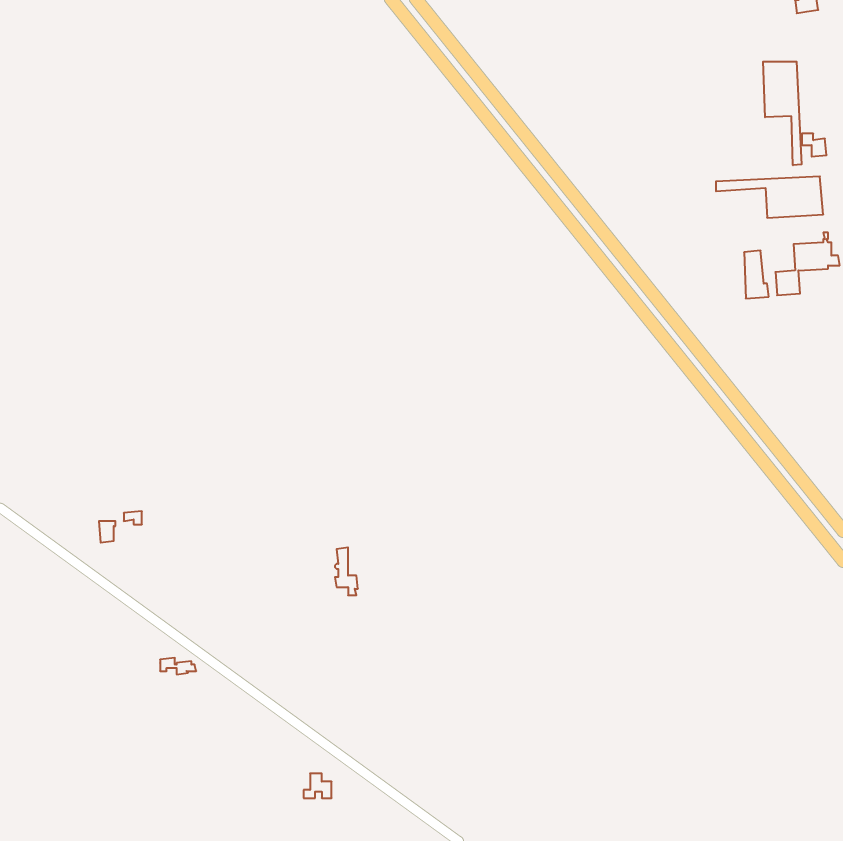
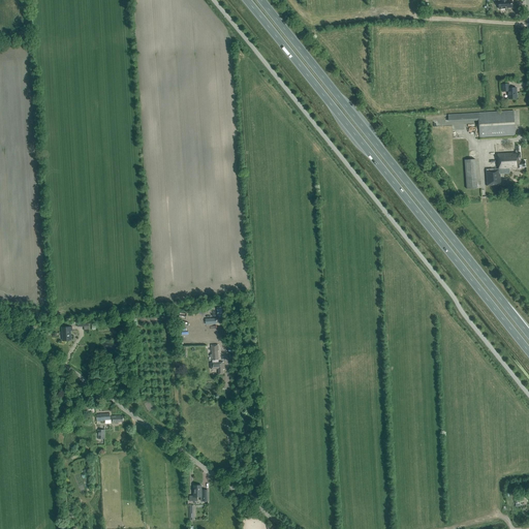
building: [763,62,802,165] -> none

